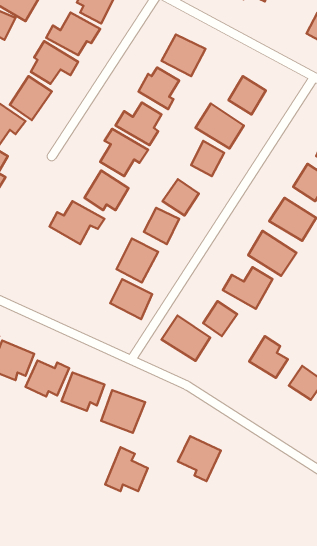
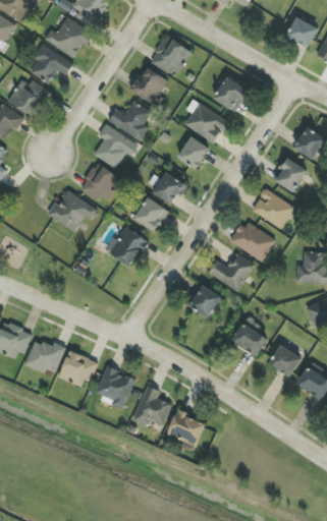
building: [110,279,152,319] -> none
building: [162,315,210,361] -> none
building: [105,447,148,491] -> [132,385,172,425]

